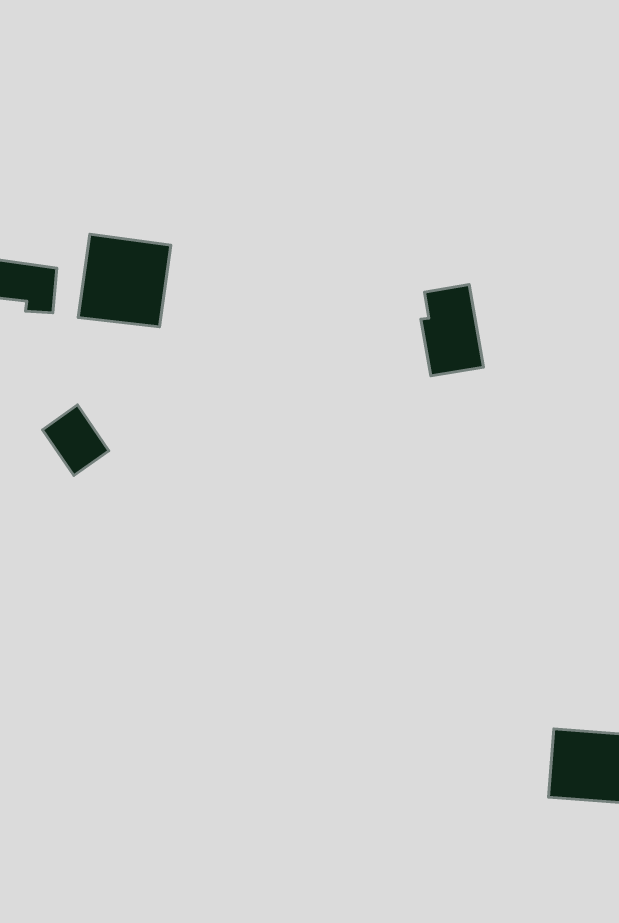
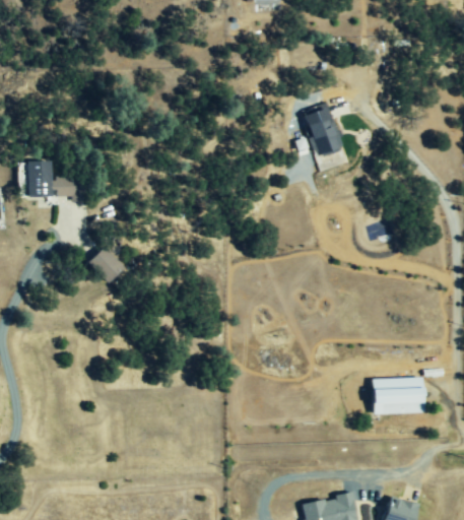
building: [78,234,171,327] -> none
building: [421,284,483,376] -> [306,108,341,157]

